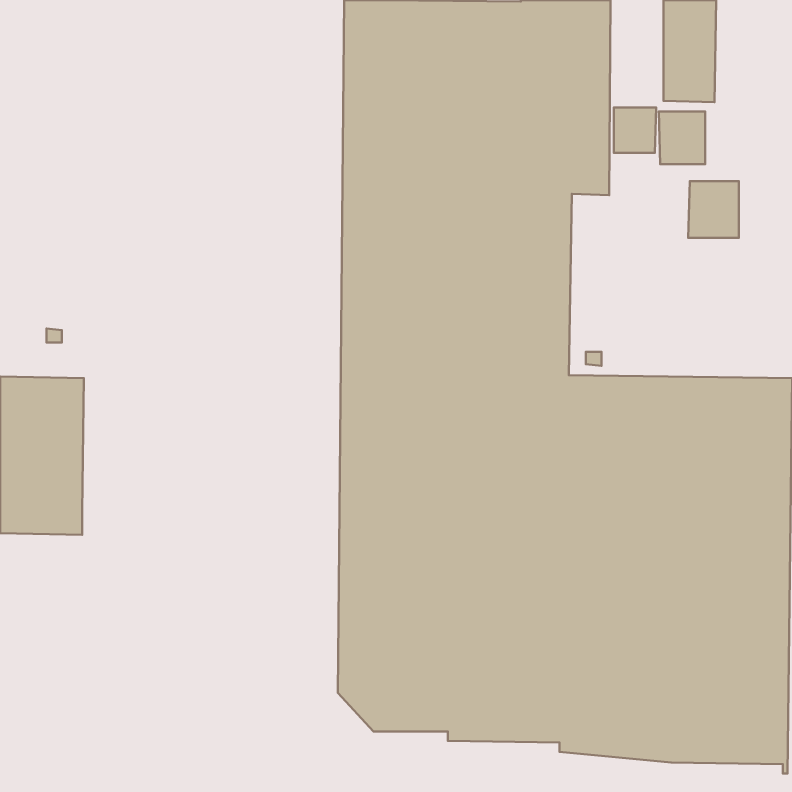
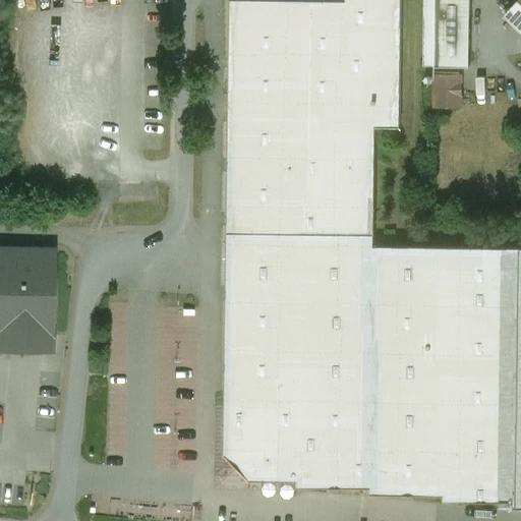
building: [614,108,656,153] -> none
building: [688,181,739,238] -> none

